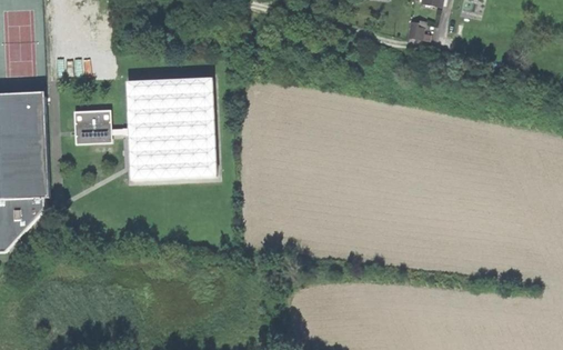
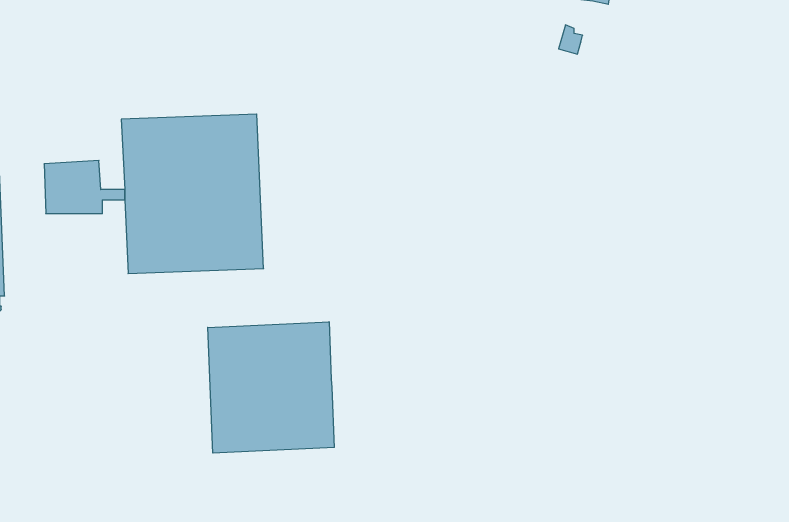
building: none -> [208,322,334,453]

